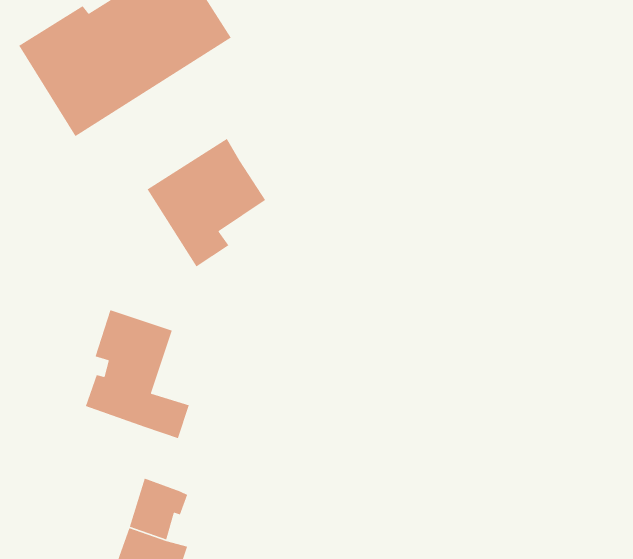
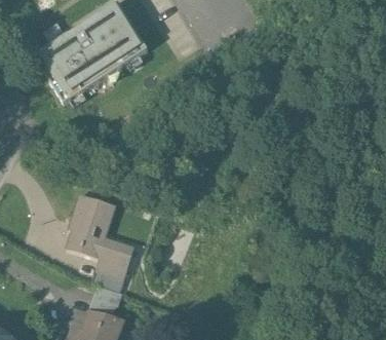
building: [146,138,266,268] -> none
building: none -> [92,256,128,290]

